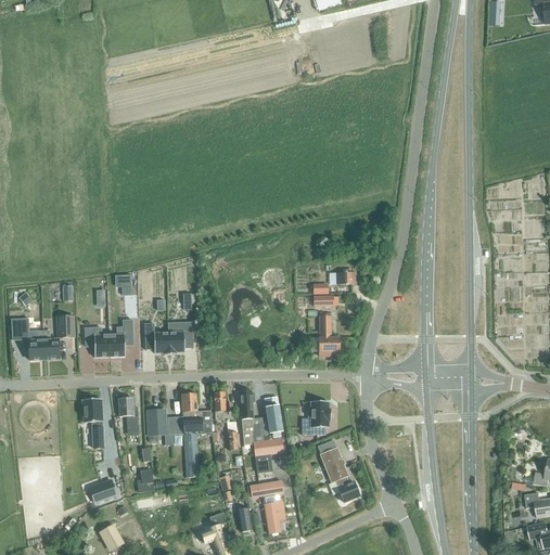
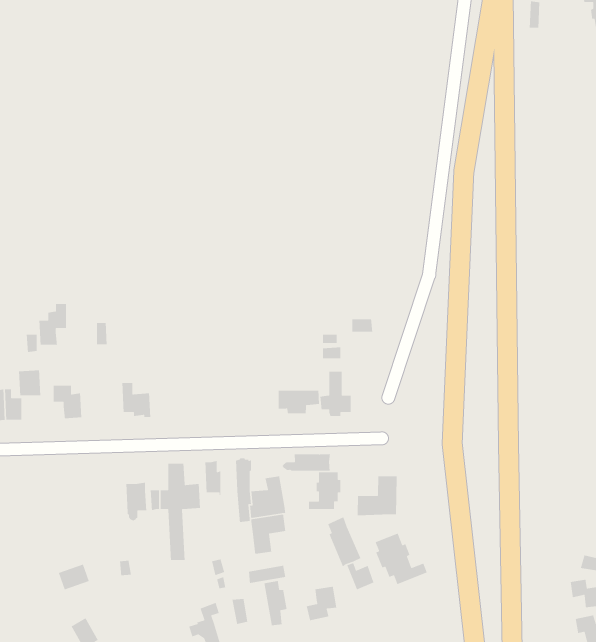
building: [108,320,132,356] -> [39,303,67,345]
building: [167,323,192,356] -> none
building: none -> [278,390,320,414]
building: none -> [282,453,331,472]
building: [82,398,103,448] -> none
building: [118,398,138,435] -> none
building: none -> [357,476,398,516]
building: none -> [374,532,428,585]
building: none -> [306,586,337,621]

